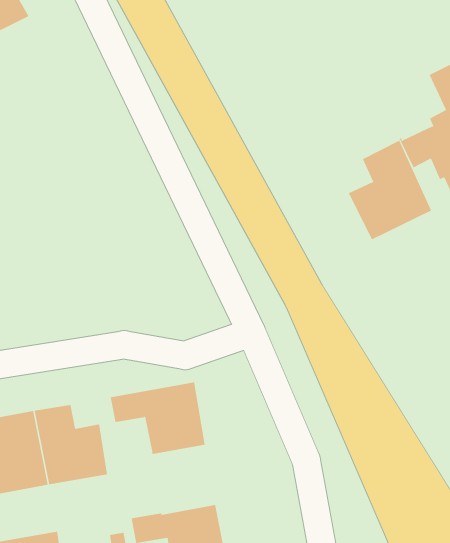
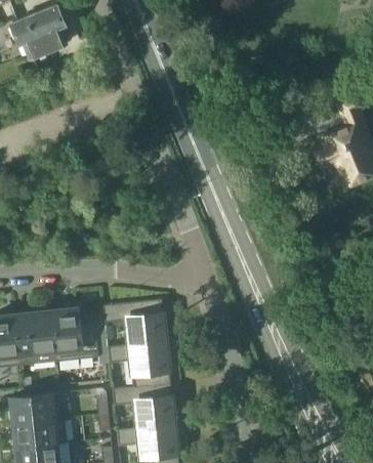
building: [348,140,432,240] -> none
building: none -> [108,342,170,387]

